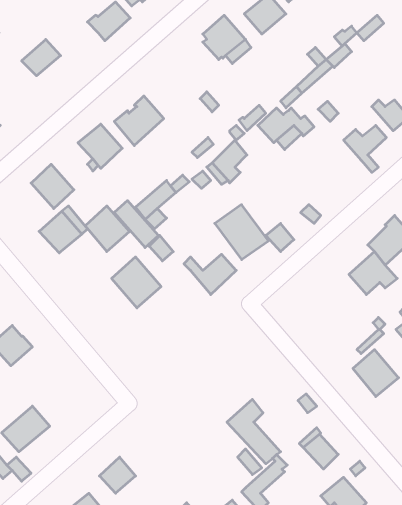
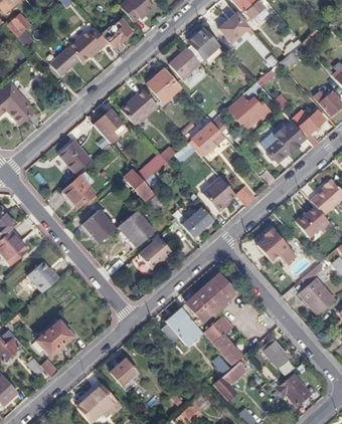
building: none -> [69,26,109,61]
building: none -> [170,48,200,78]
building: none -> [148,67,182,102]
building: none -> [261,121,306,162]
building: [85,206,130,252] -> [83,208,117,242]
building: none -> [256,227,297,263]
building: none -> [139,236,173,268]
building: none -> [186,273,236,322]
building: none -> [162,305,202,344]

